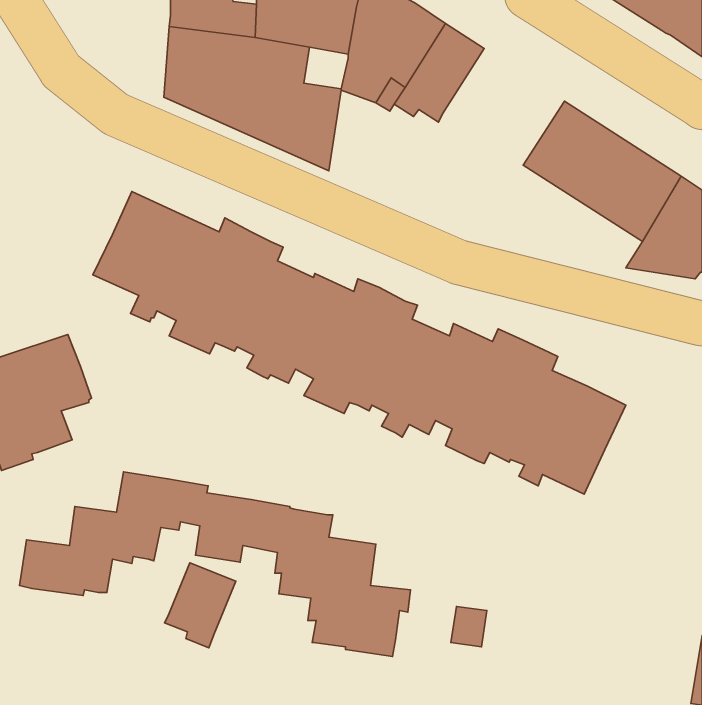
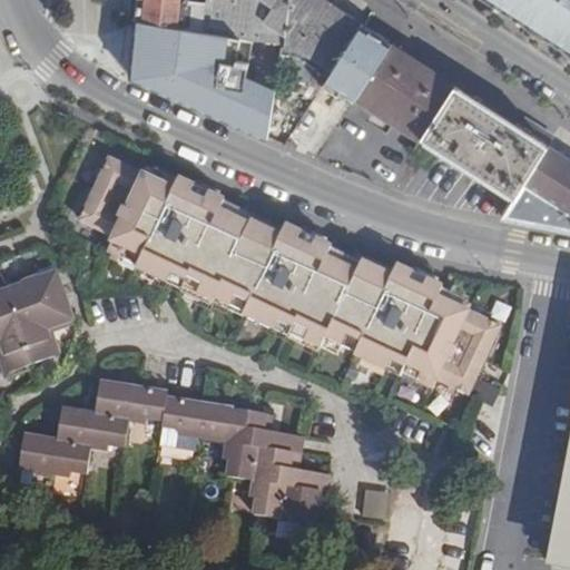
building: none -> [355,39,453,132]
building: [164,563,236,648] -> none

